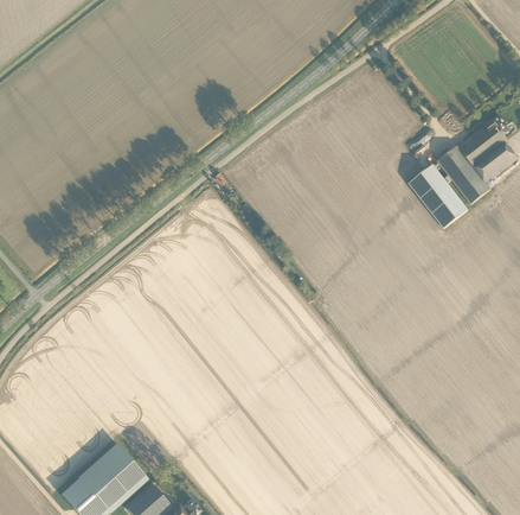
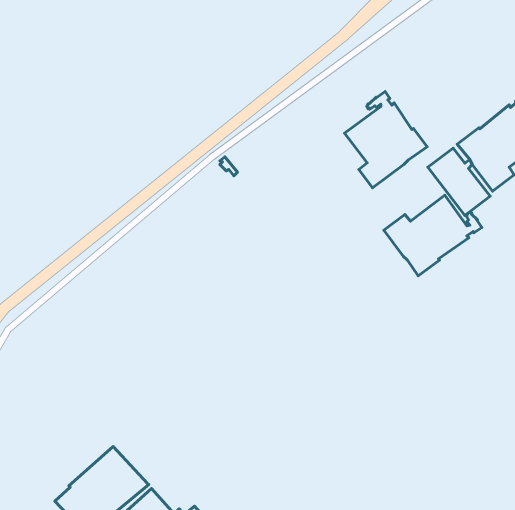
building: none -> [345,92,427,188]
building: none -> [384,195,482,276]

